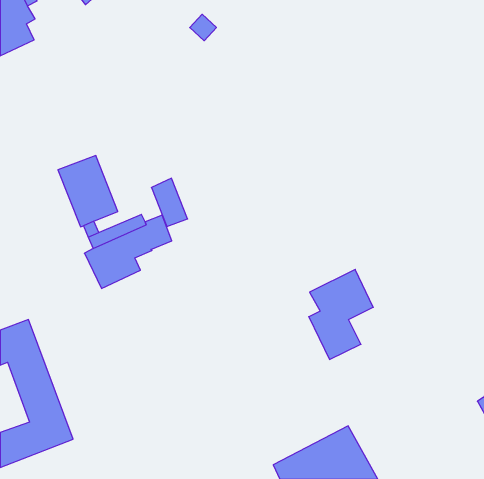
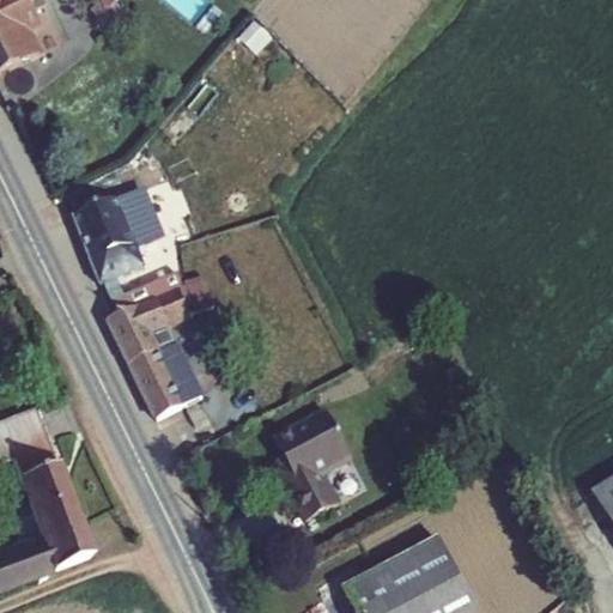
building: [151,178,188,227] -> [122,184,168,245]
building: none -> [129,339,208,419]
building: [309,269,373,359] -> [267,399,348,512]

